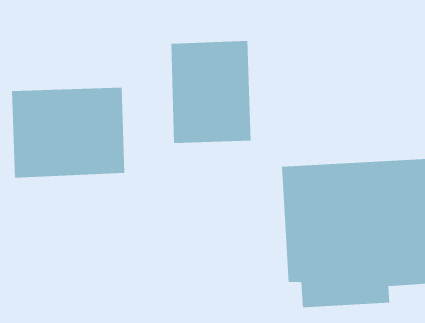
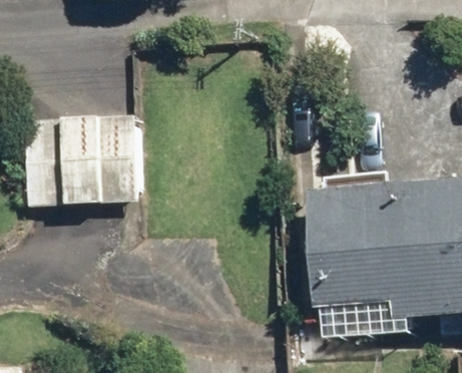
building: [171,40,251,144] -> none

